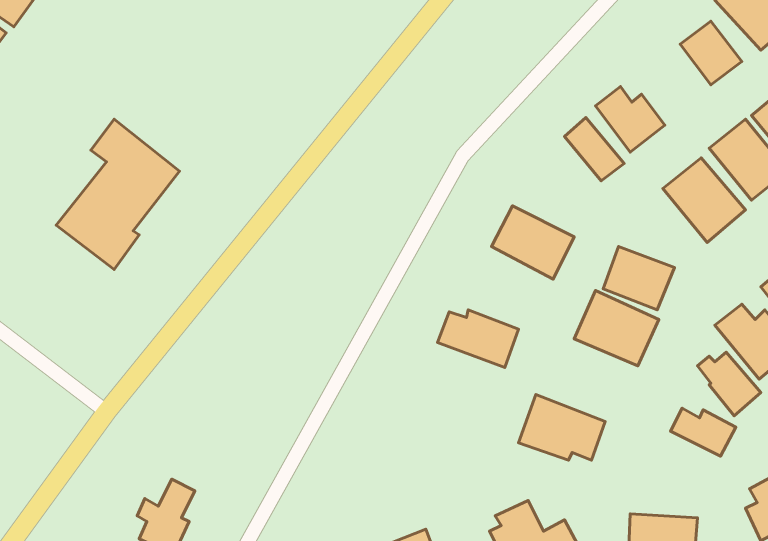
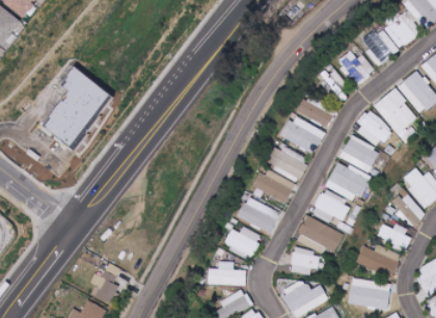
building: none -> [360,28,398,65]
building: none -> [298,95,335,127]
building: none -> [354,110,391,147]
building: none -> [269,144,308,180]
building: none -> [311,188,349,221]
building: none -> [238,195,280,233]
building: none -> [225,226,263,256]
building: none -> [356,244,401,277]
building: none -> [289,251,319,274]
building: none -> [209,261,246,285]

